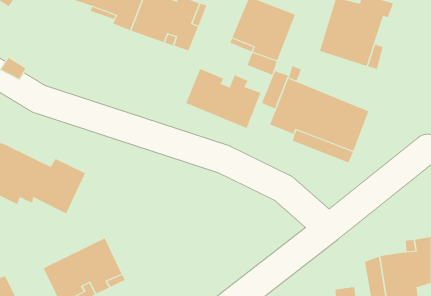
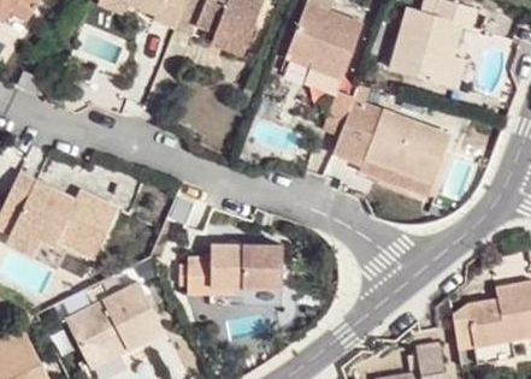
building: [185,68,261,129] -> none
building: none -> [176,236,281,296]

